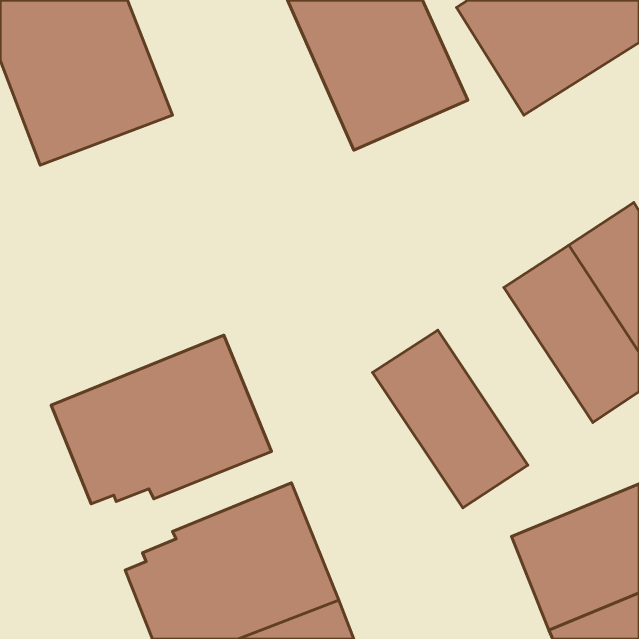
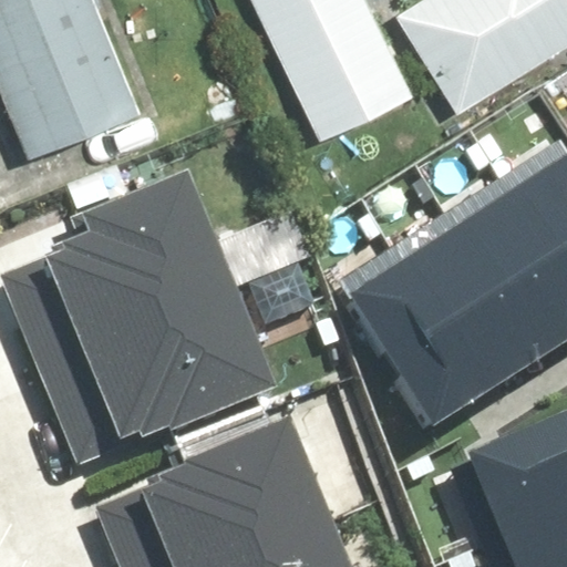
building: none -> [9,194,198,359]
building: none -> [388,255,525,412]

